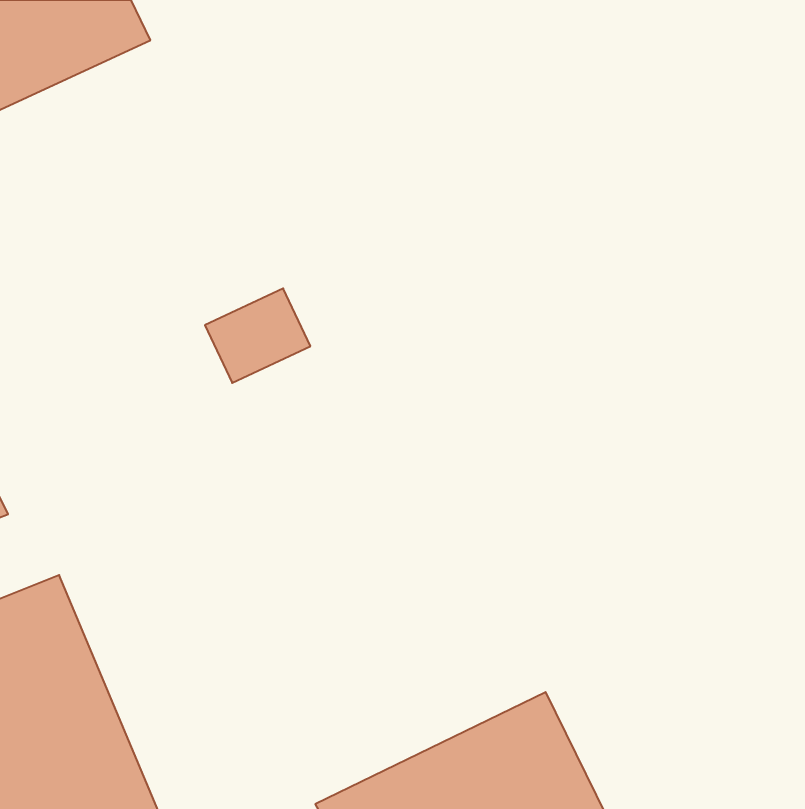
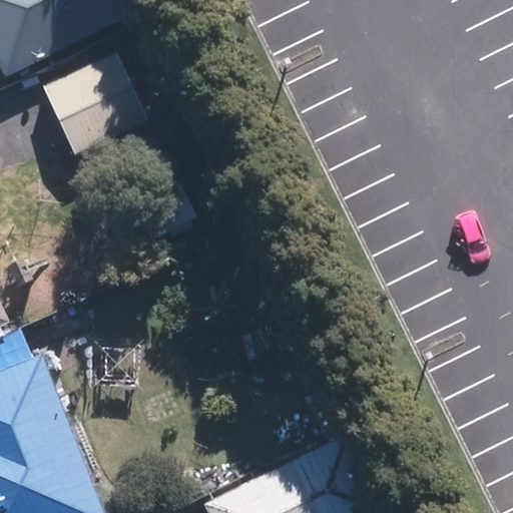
building: none -> [35,58,136,159]

